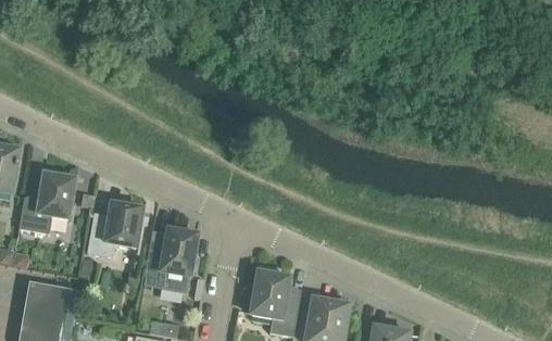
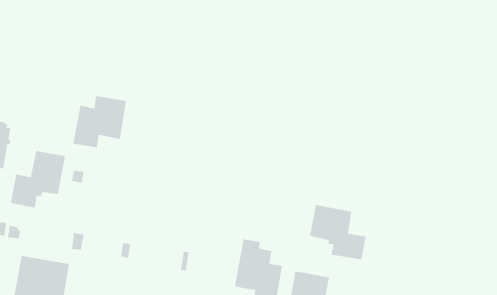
building: [87,203,143,257] -> [72,95,127,148]
building: [145,229,199,291] -> none
building: none -> [310,204,366,260]

